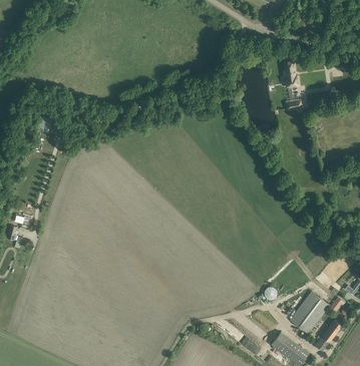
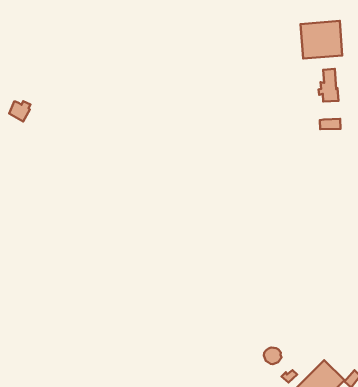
building: none -> [300,21,342,59]

